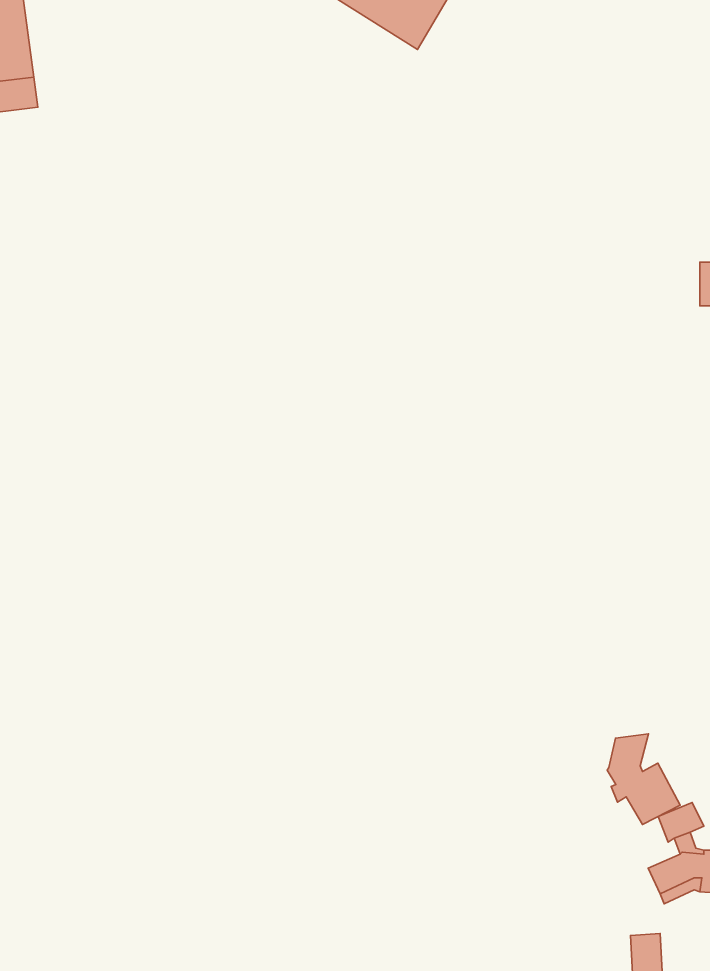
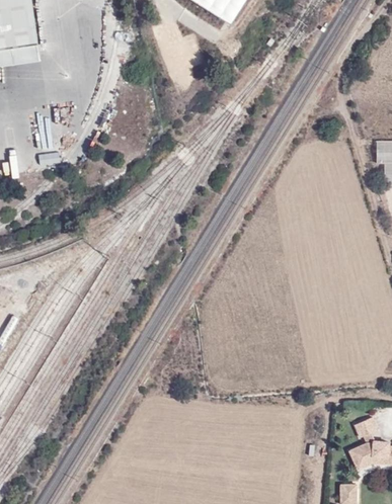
building: [607,734,680,824] -> none

